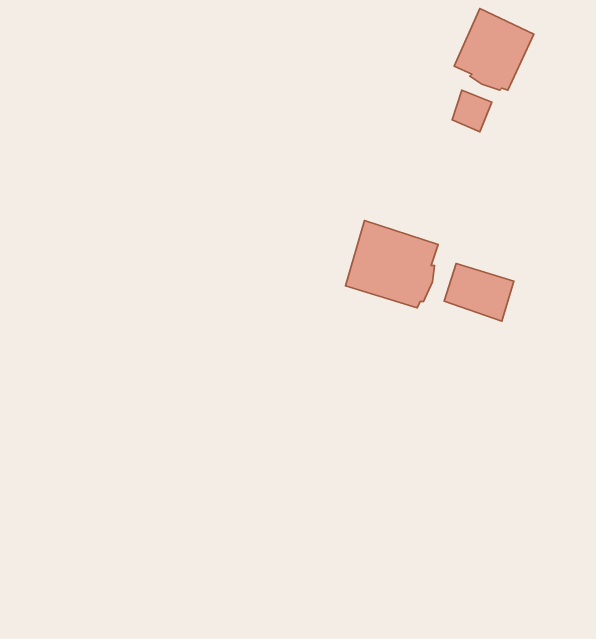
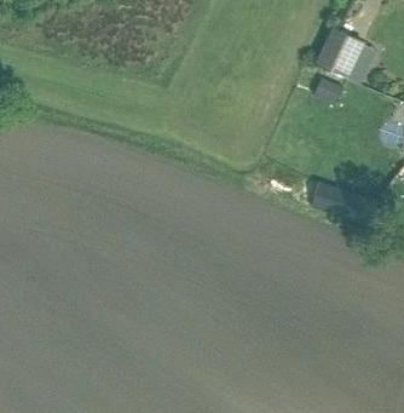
building: [346,221,438,308] -> none

